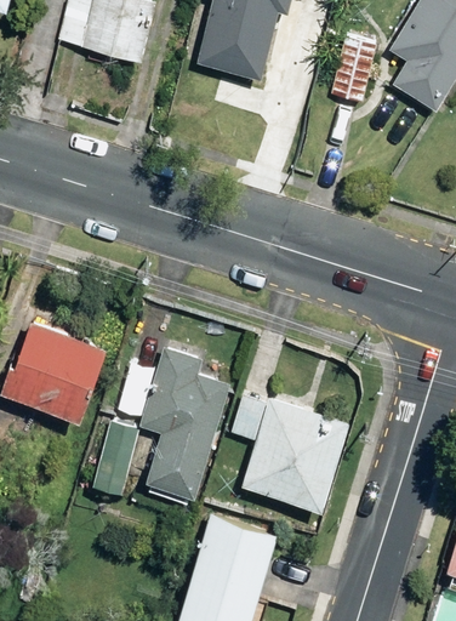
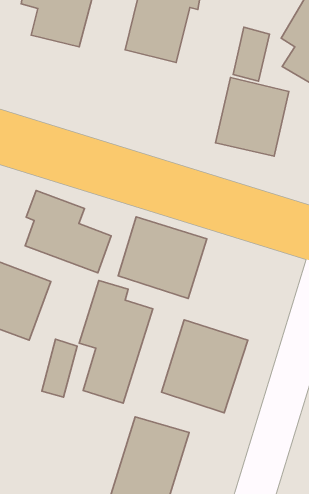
building: none -> [215,77,289,156]
building: none -> [25,190,111,273]
building: none -> [118,217,207,299]

